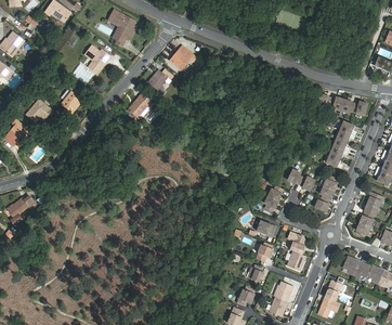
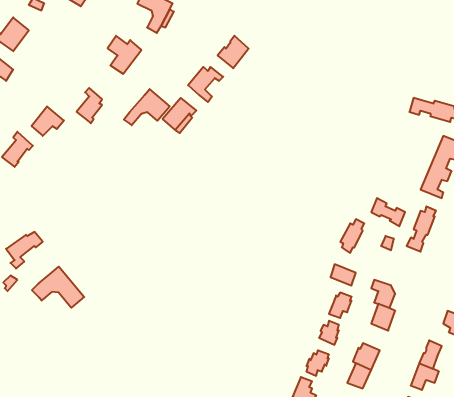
building: none -> [124,89,170,125]
building: none -> [32,267,84,308]

